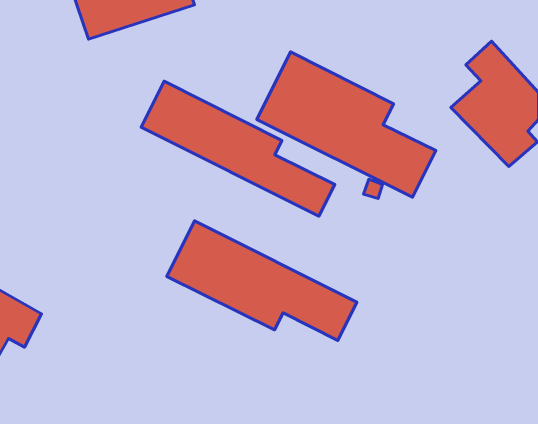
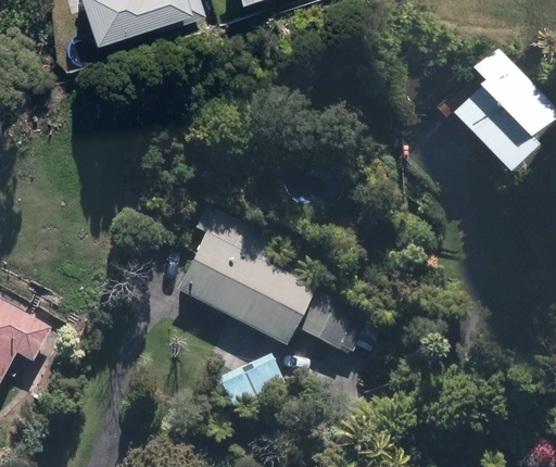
building: [257,52,436,197] -> none
building: [141,81,335,216] -> none

